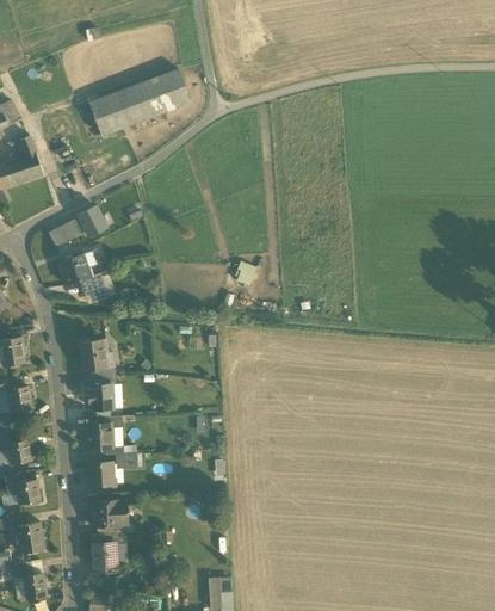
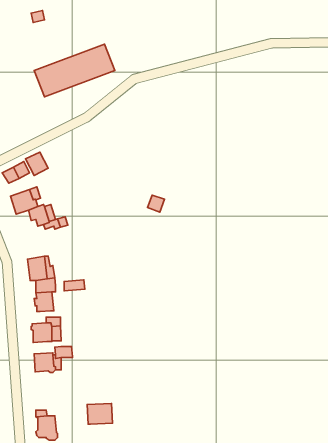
building: [93,500,125,526] -> [87,404,113,424]

